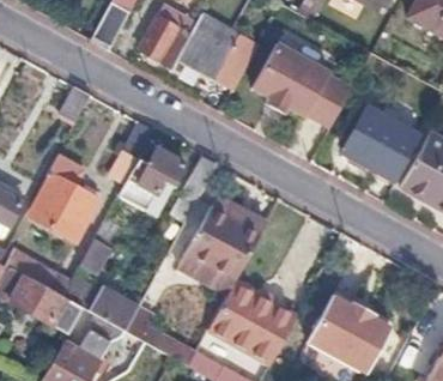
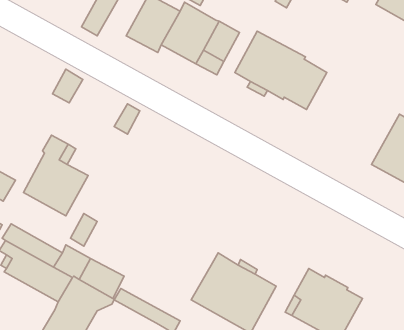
building: [341,105,423,181] -> none
building: [113,147,184,223] -> none
building: [174,196,265,280] -> none

